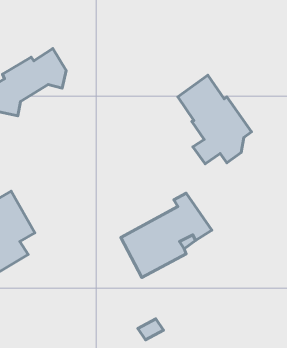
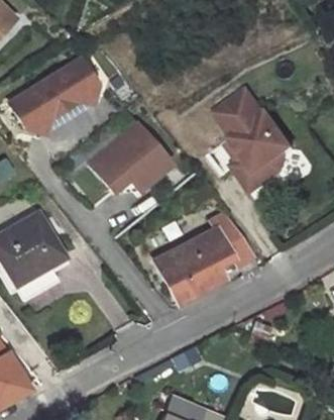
building: none -> [88,121,171,192]

